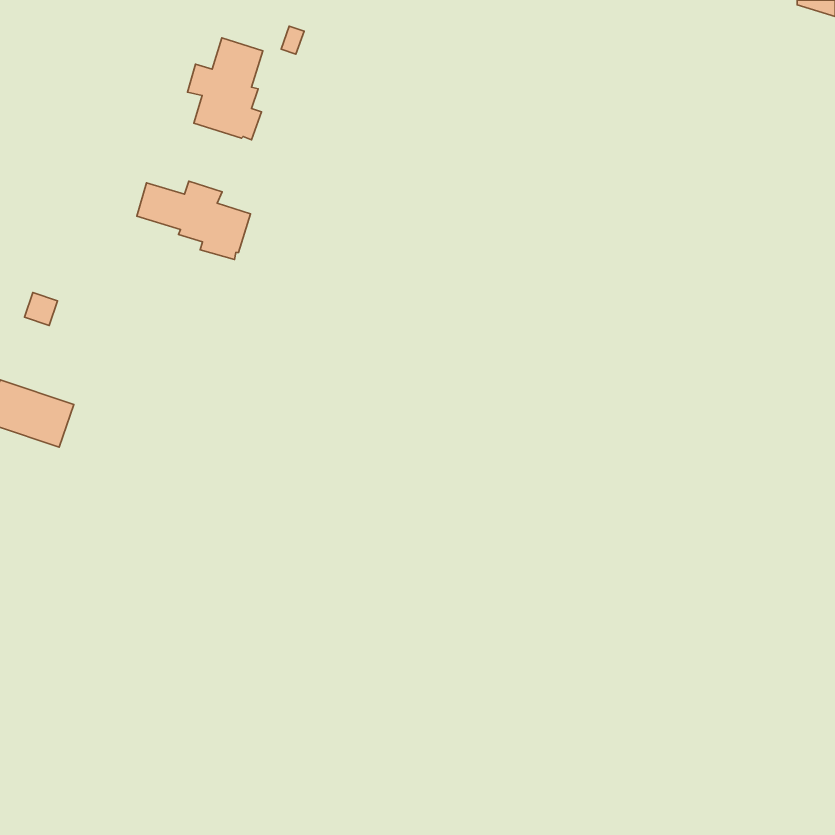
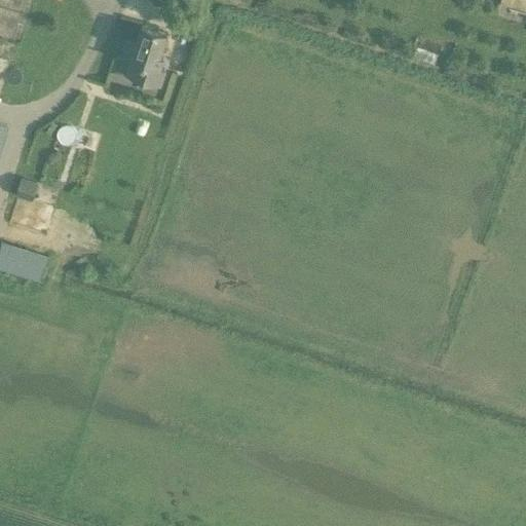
building: [137,181,251,260] -> none

